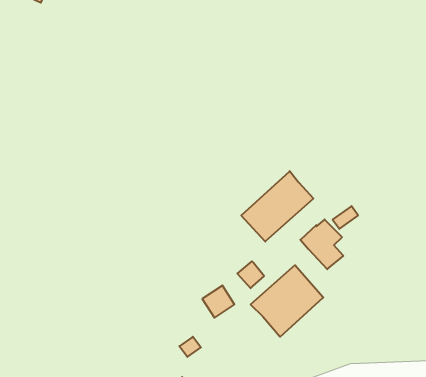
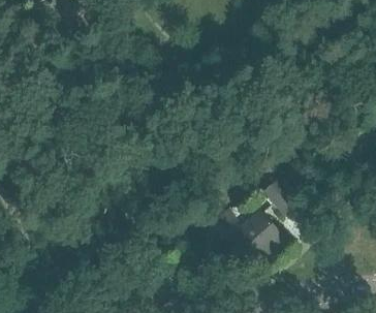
building: [241,171,313,242] -> none

